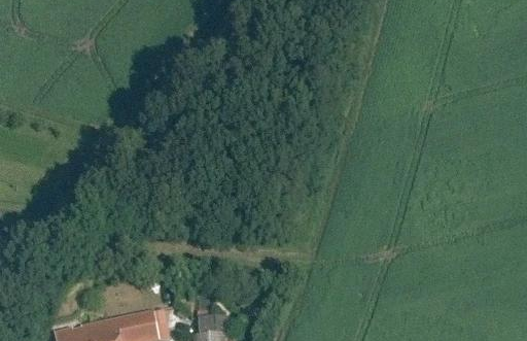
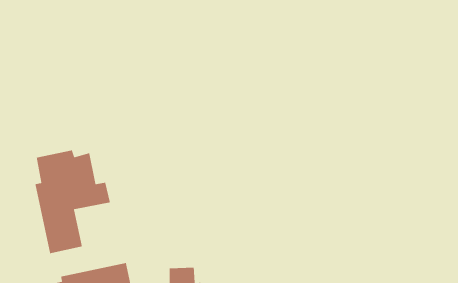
building: none -> [35,150,111,254]

